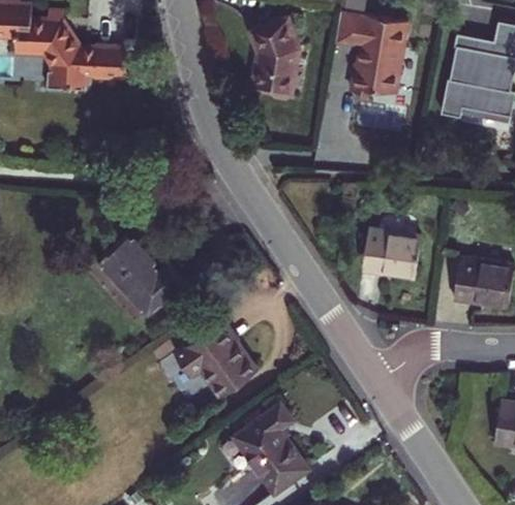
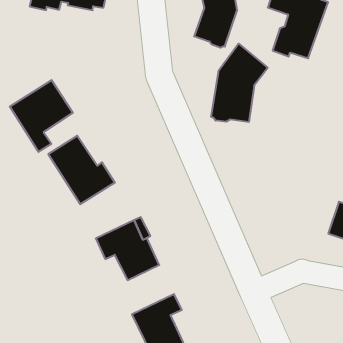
building: none -> [211,44,268,122]
building: none -> [10,80,73,152]
building: [361,230,419,279] -> none

